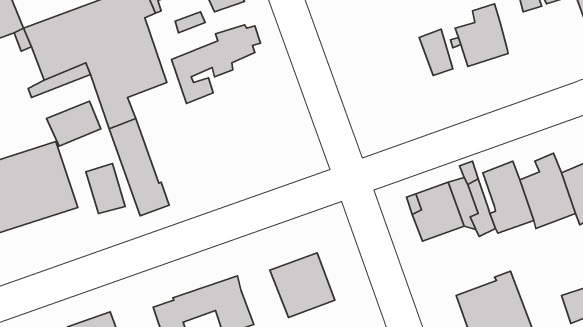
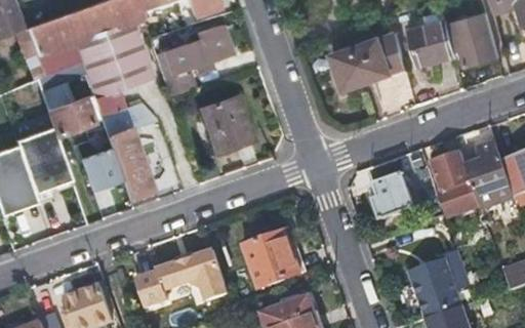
building: none -> [447,13,496,68]
building: none -> [331,39,388,88]
building: none -> [200,95,250,151]

